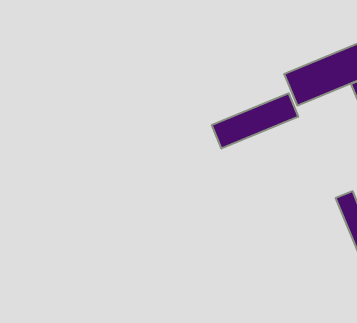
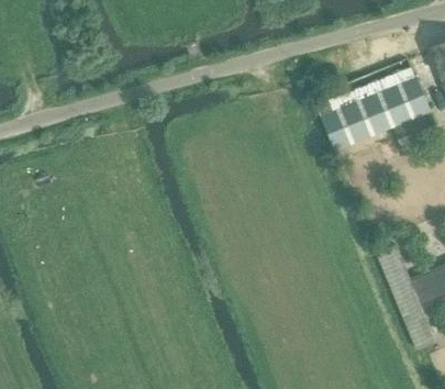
building: [212,93,298,149] -> none

